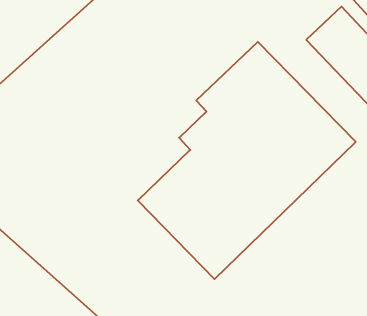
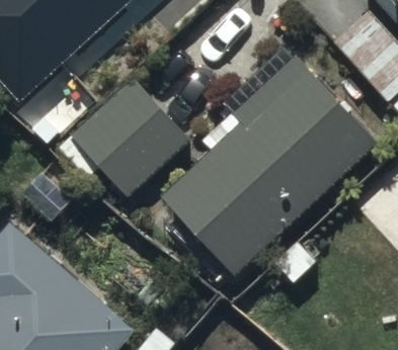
building: none -> [60,79,191,199]

